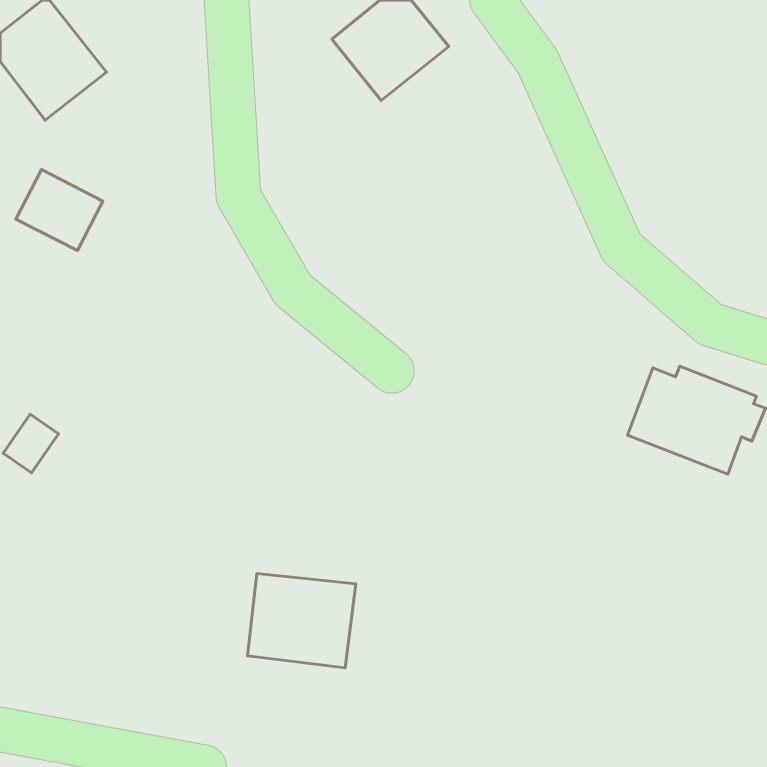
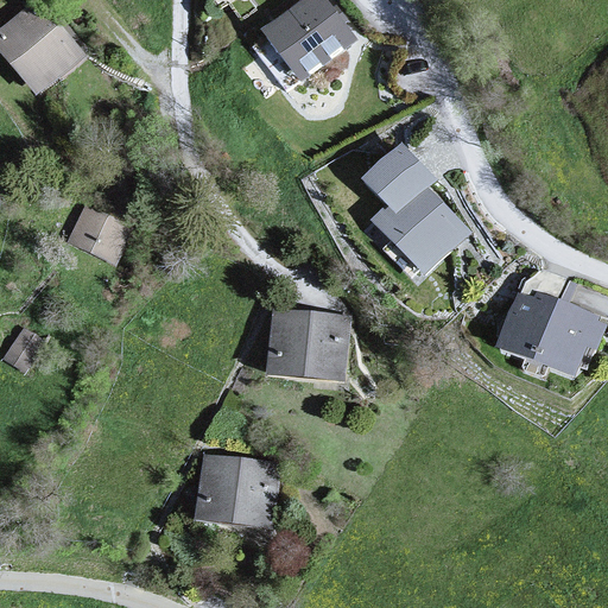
building: [16,170,103,251] -> [66,203,135,267]
building: none -> [365,144,467,272]
building: none -> [267,309,349,382]

